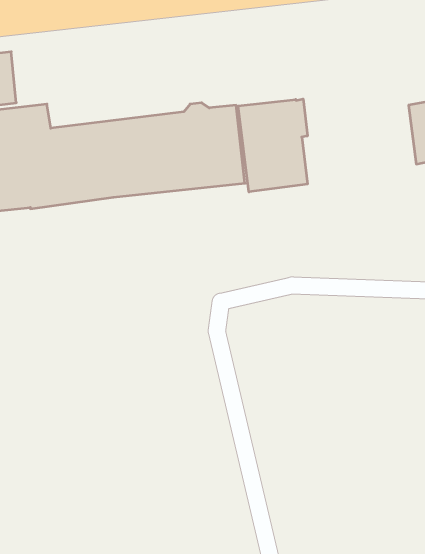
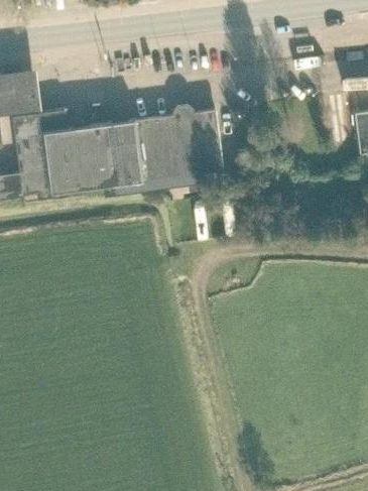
building: [238,99,307,192] -> none

